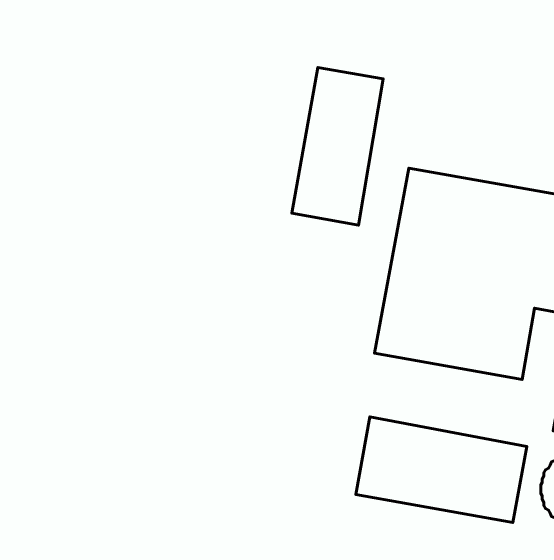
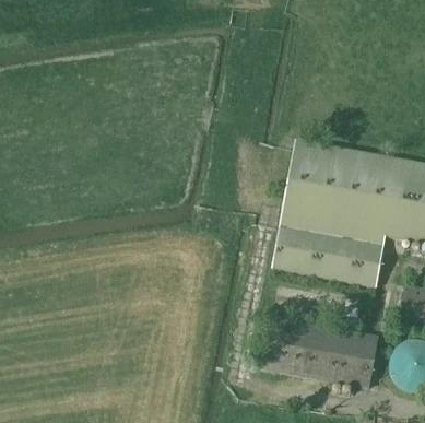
building: [292,67,383,225] -> none

